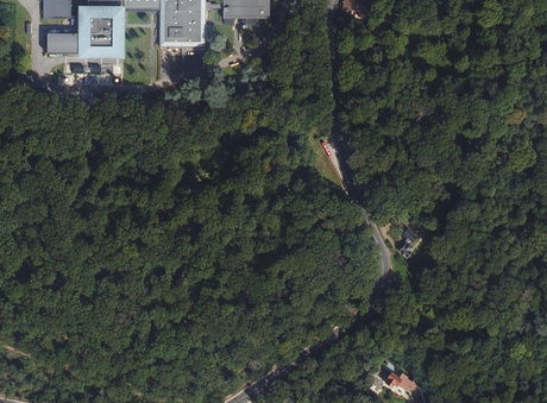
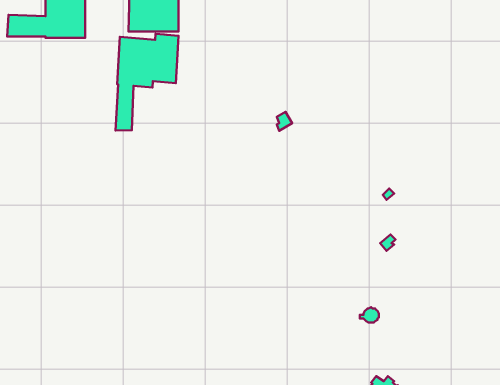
building: none -> [116,34,178,130]

